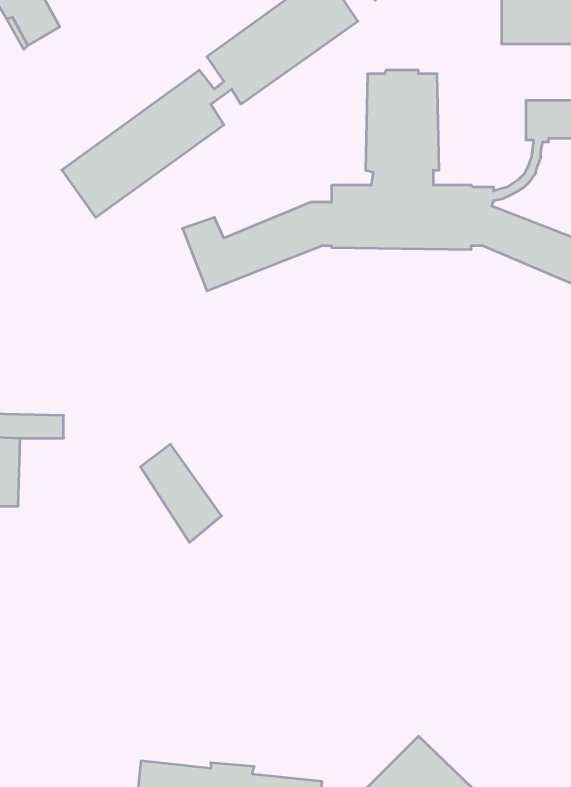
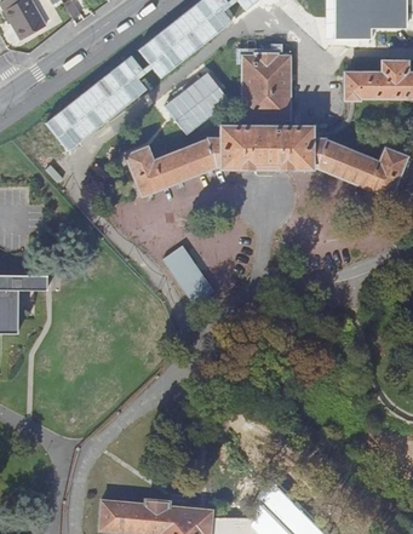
building: none -> [165,71,230,132]
building: [140,444,222,542] -> [161,243,213,306]

